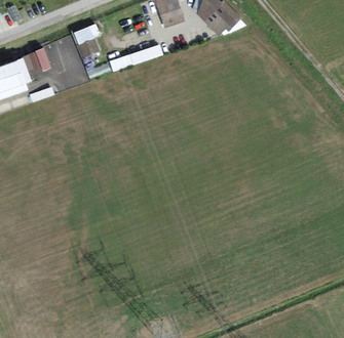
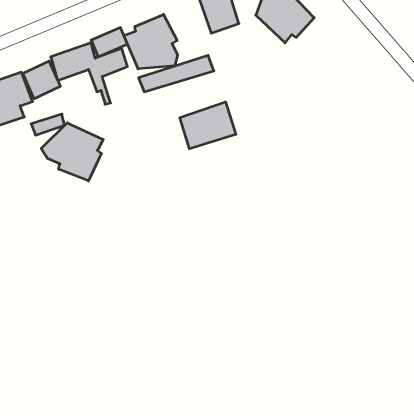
building: none -> [124,14,177,69]
building: none -> [180,102,236,149]
building: none -> [41,123,103,181]

